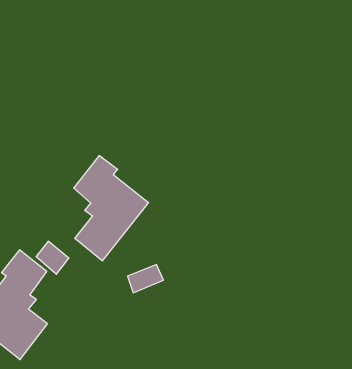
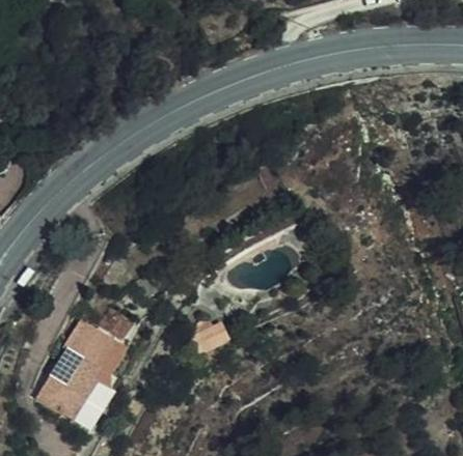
building: [74,156,149,261] -> none

